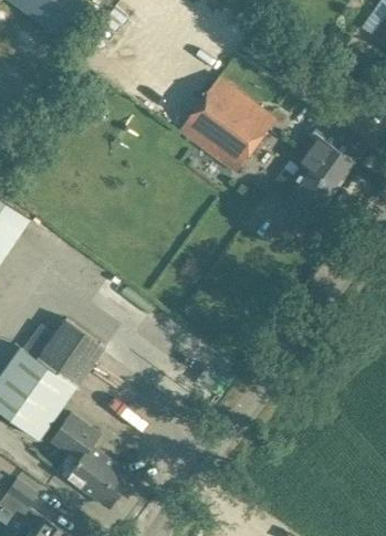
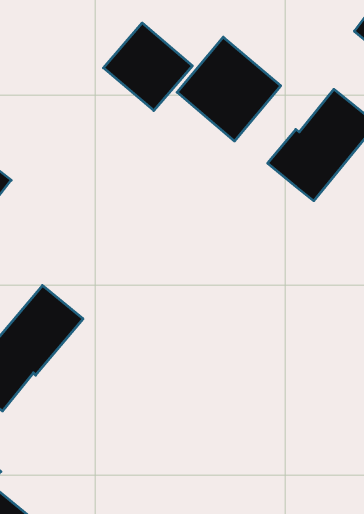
building: none -> [103,23,192,111]
building: [50,412,132,508] -> none

